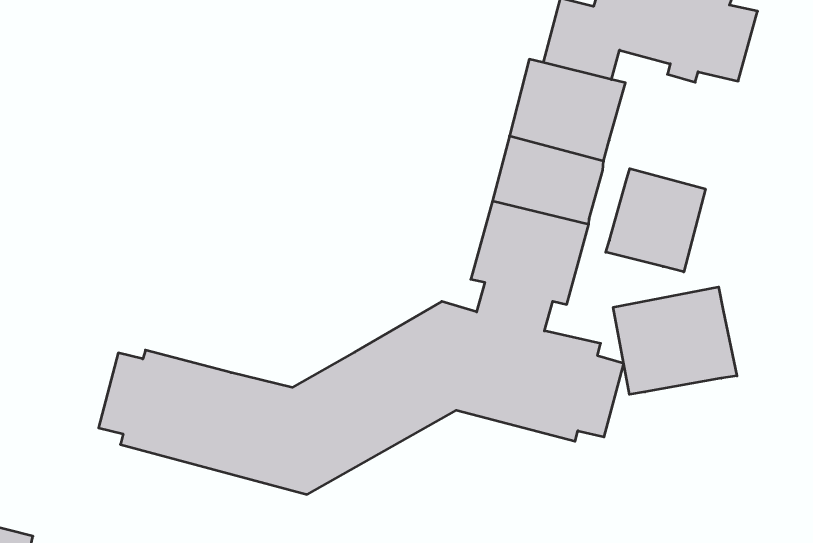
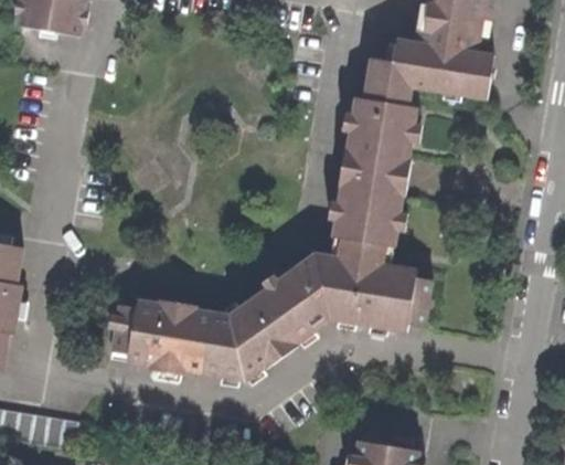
building: [606,169,705,272] -> none
building: [613,287,737,394] -> none

